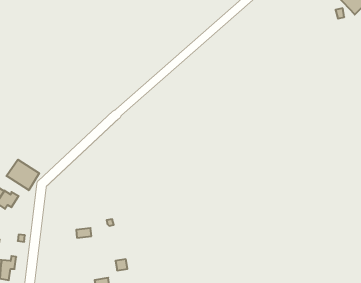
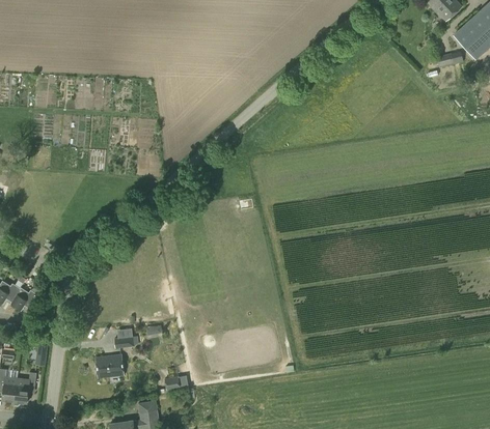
building: [6,160,39,190] -> none
building: none -> [96,354,122,376]

